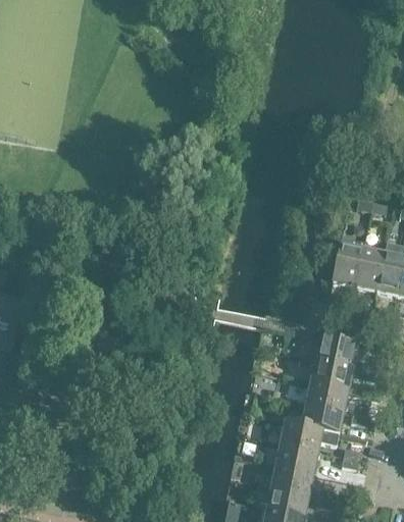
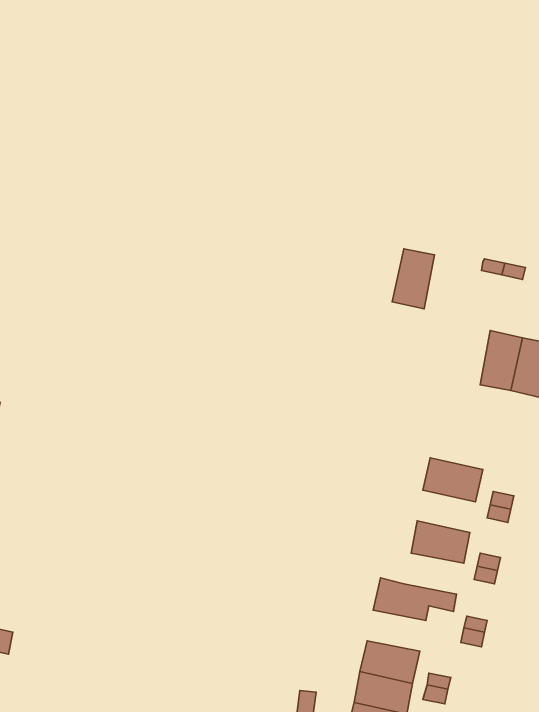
building: [333,243,362,284] -> [392,249,435,309]
building: [311,358,352,387] -> none
building: [302,402,344,430] -> none
building: [276,441,317,470] -> none

